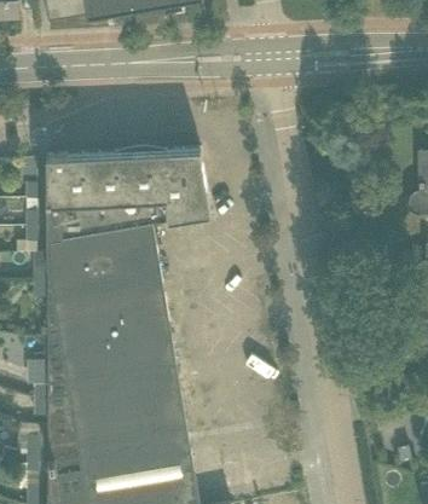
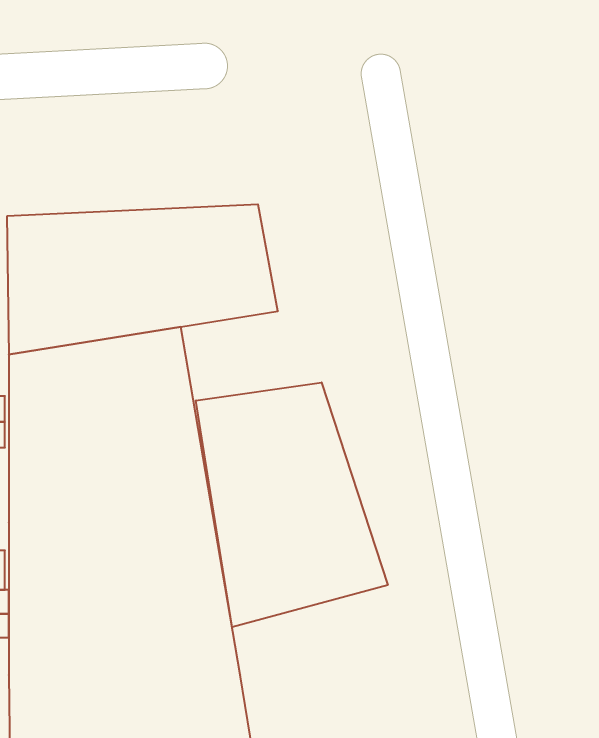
building: none -> [196,382,388,627]

